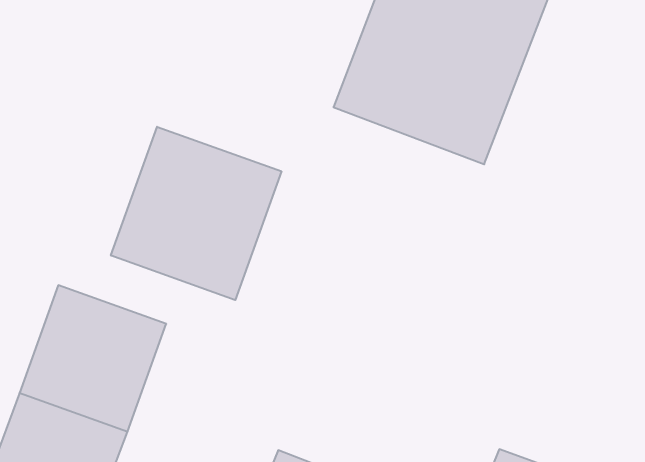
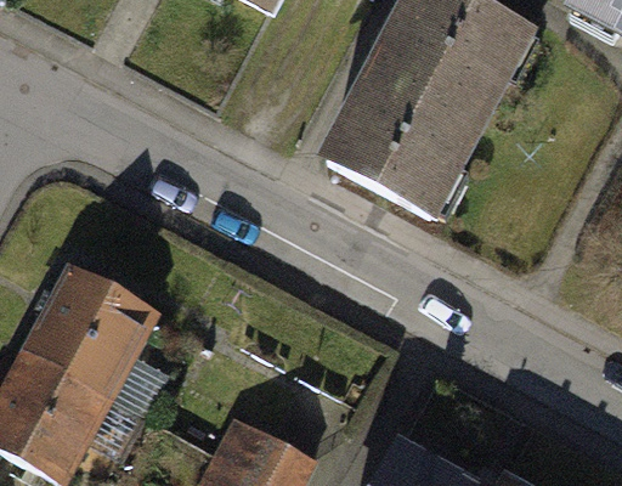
building: [111,127,281,300] -> none

